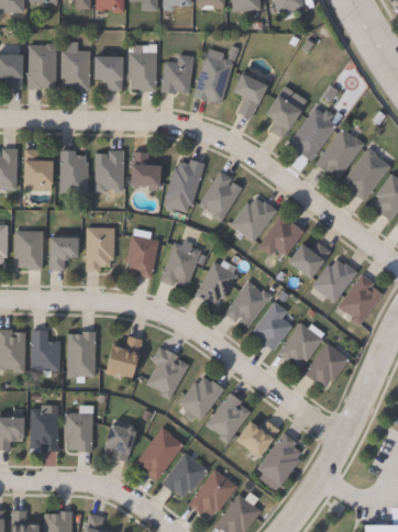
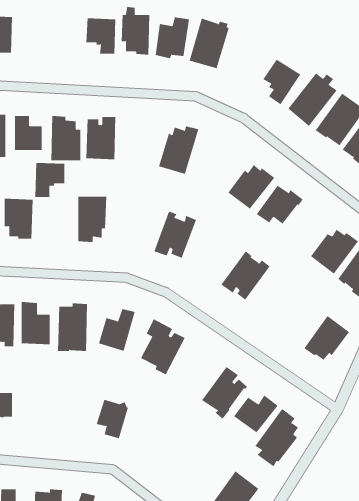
building: [27,43,56,89] -> none
building: [60,51,90,90] -> none
building: [234,73,268,118] -> none
building: [131,152,162,191] -> none
building: [198,170,242,222] -> none
building: [125,229,159,279] -> none
building: [48,236,78,270] -> [34,162,65,198]
building: [288,243,331,279] -> none
building: [195,259,239,306] -> none
building: [252,301,291,351] -> none
building: [277,322,324,368] -> none
building: [178,377,224,421] -> none
building: [30,408,58,453] -> none
building: [63,413,92,452] -> none
building: [135,426,184,481] -> none
building: [162,453,208,498] -> none
building: [188,469,237,516] -> none

